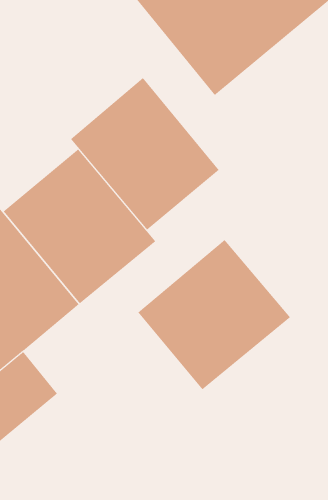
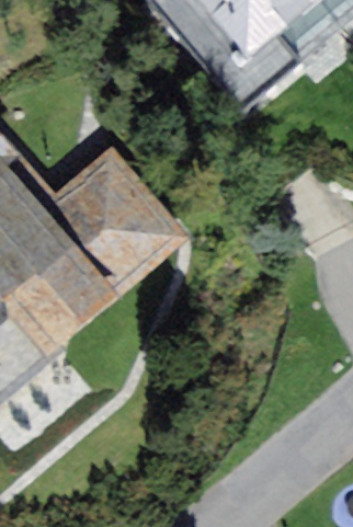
building: [70,77,220,230] -> none
building: [138,239,291,390] -> none

